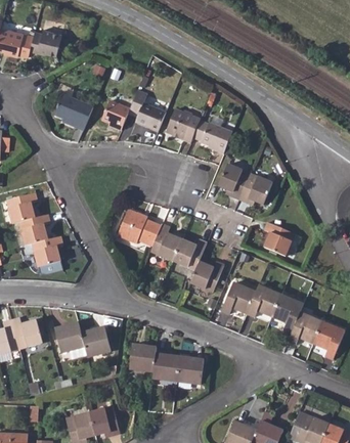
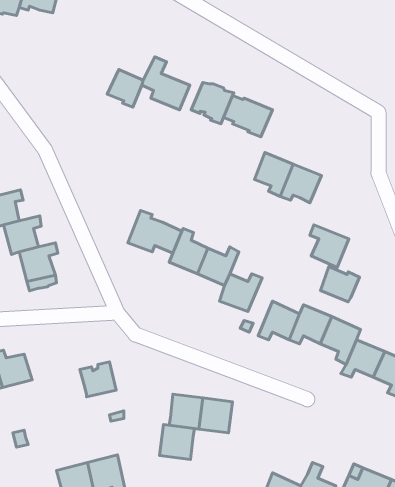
building: [55,92,94,127] -> none
building: none -> [320,266,359,302]
building: [53,324,85,359] -> none
building: [127,346,155,373] -> [159,425,194,459]

